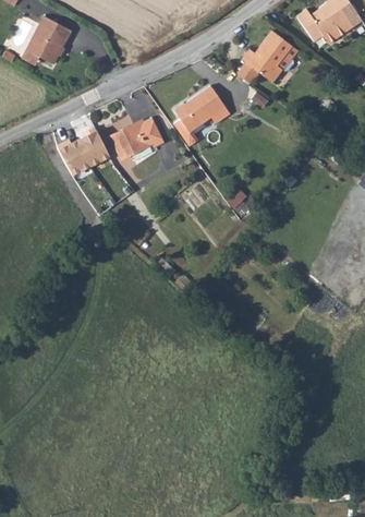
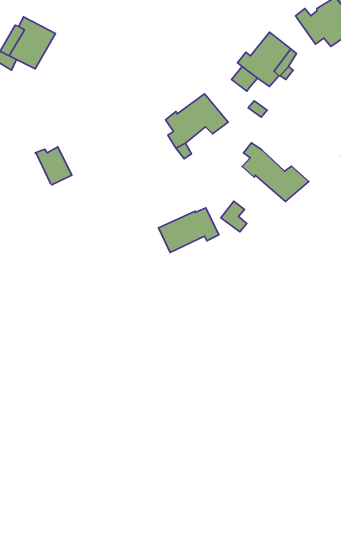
building: [109,118,165,159] -> [158,208,219,253]
building: [76,124,108,163] -> none
building: none -> [242,143,309,202]

